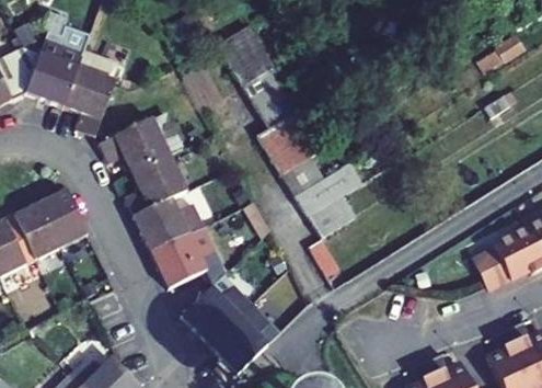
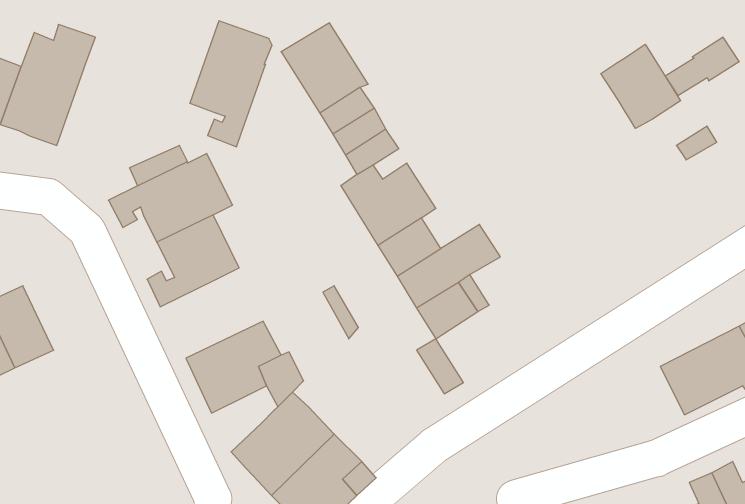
building: none -> [601,44,681,128]
building: [64,52,119,137] -> [190,21,272,147]
building: [41,190,88,247] -> none
building: [134,198,204,252] -> none

